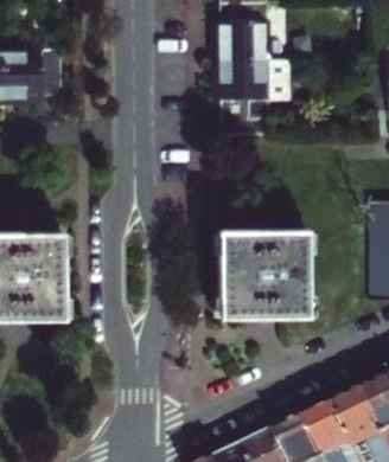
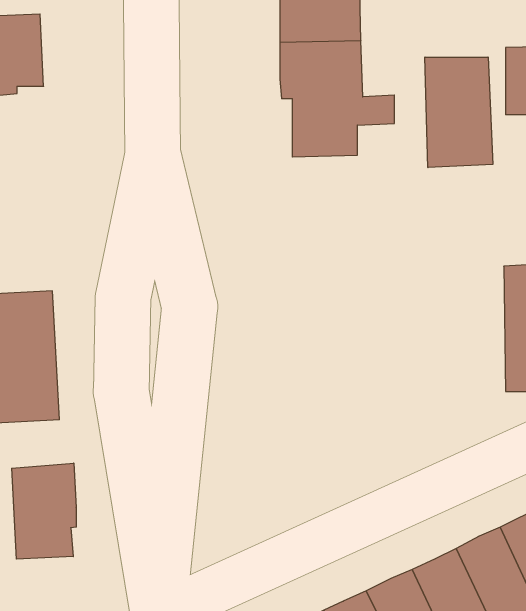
building: none -> [425,57,493,168]
building: [219,232,308,320] -> none
building: none -> [12,463,76,559]

